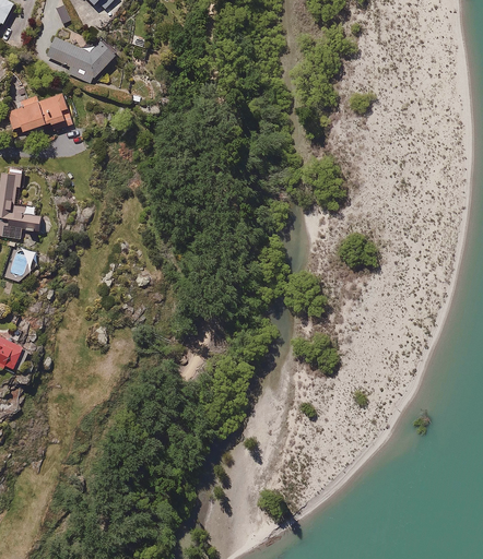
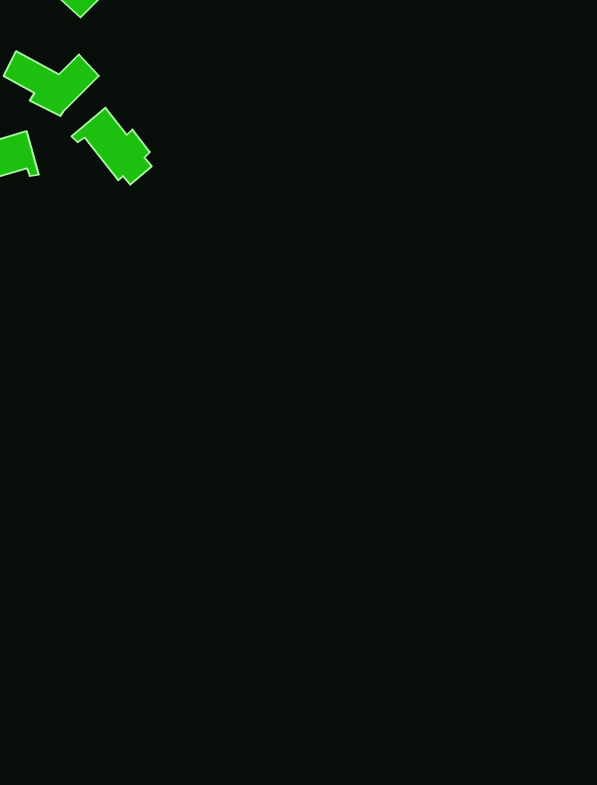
building: none -> [72,108,152,185]

